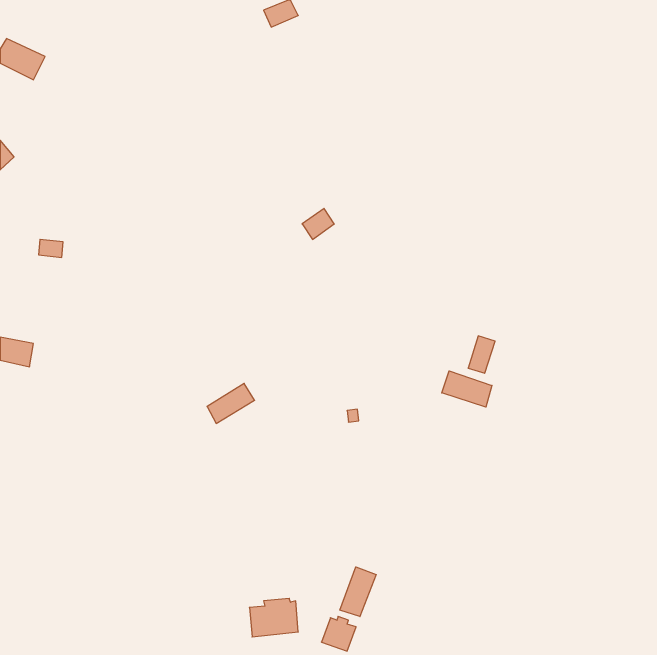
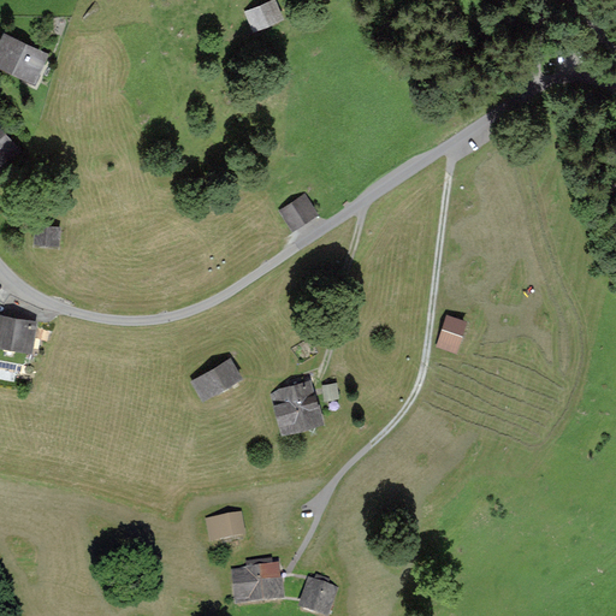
building: [442,371,492,407] -> none
building: none -> [276,377,320,430]
building: none -> [207,515,242,538]
building: [340,567,376,617] -> none

